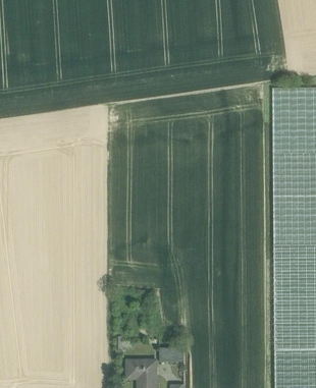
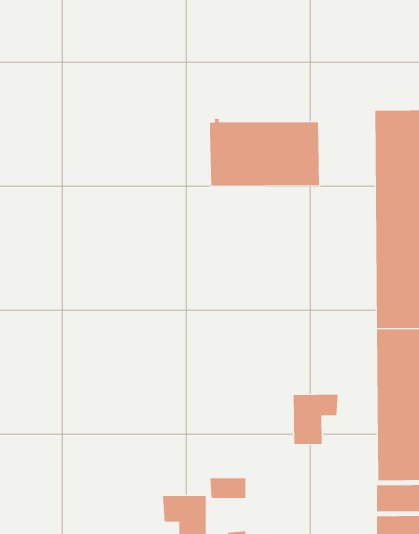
building: none -> [209,118,320,187]
building: none -> [293,394,338,445]

